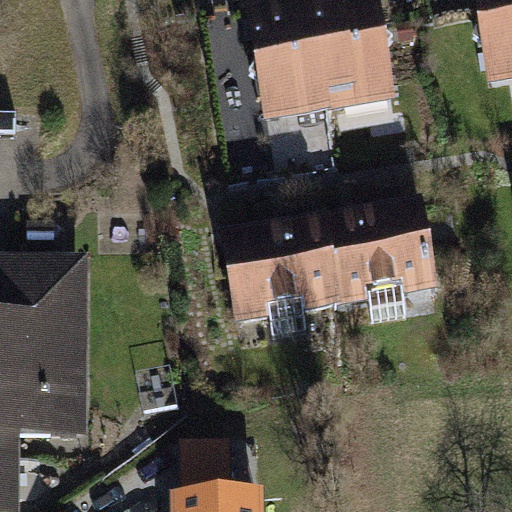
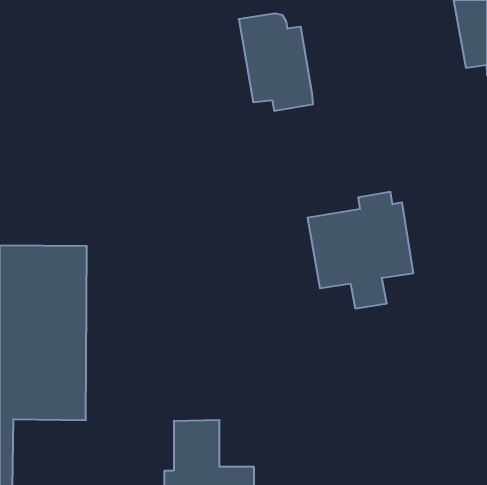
building: [312,7,390,109] -> none
building: [224,227,335,343] -> none

